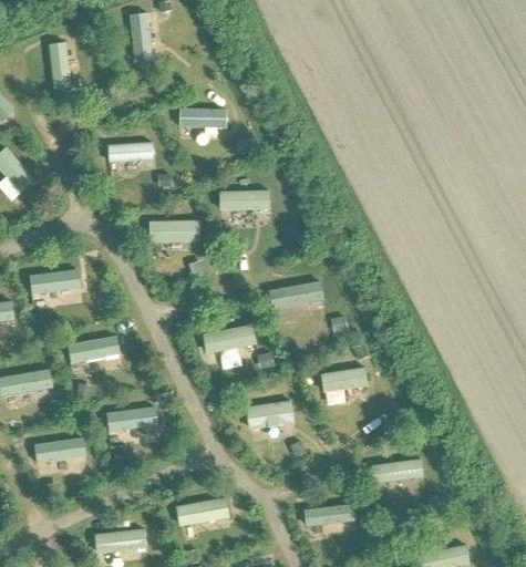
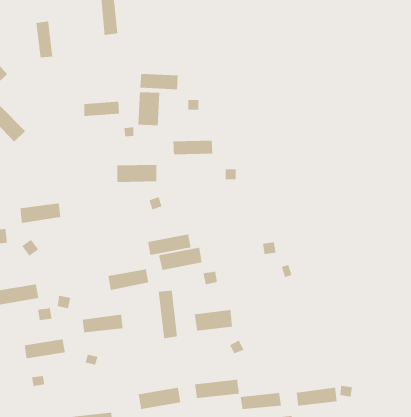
building: none -> [138,91,160,126]
building: [269,280,324,308] -> [147,234,191,256]
building: [68,336,120,363] -> [108,268,149,291]
building: [321,368,369,393] -> none
building: none -> [158,290,178,339]
building: [371,458,423,483] -> [296,387,338,406]
building: none -> [194,379,240,399]

